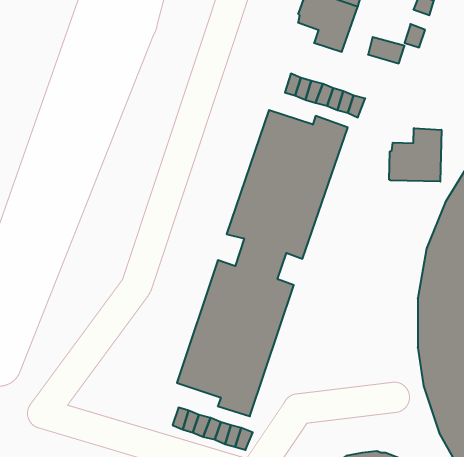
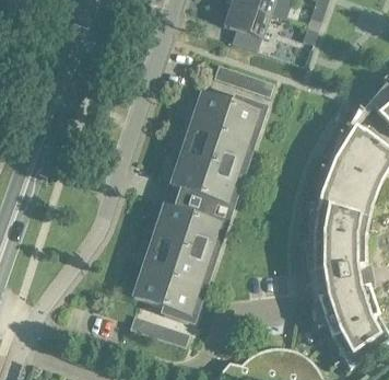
building: [389,128,441,182] -> none

